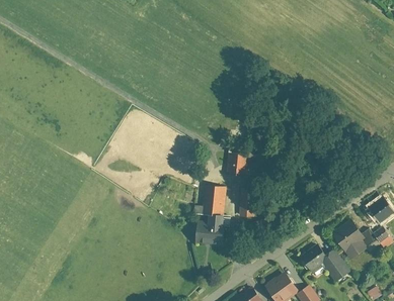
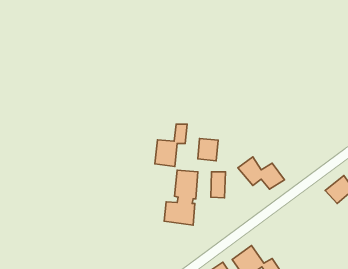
building: none -> [155,124,187,166]
building: [330,220,369,258] -> none
building: [299,244,349,280] -> [238,157,284,189]

